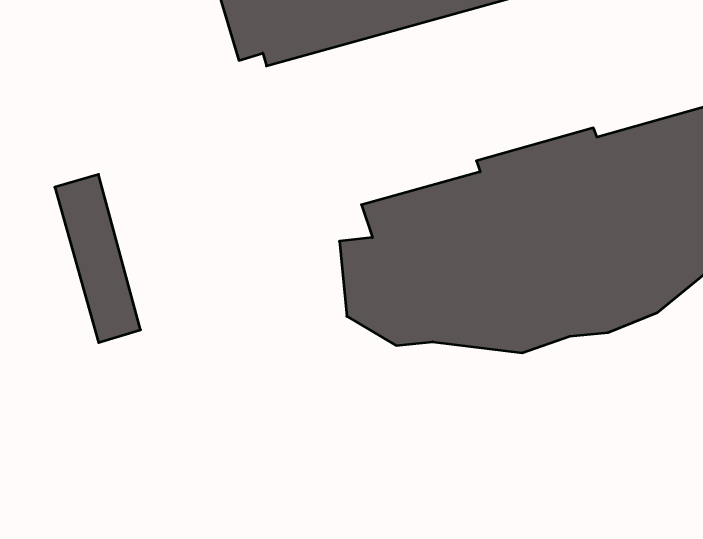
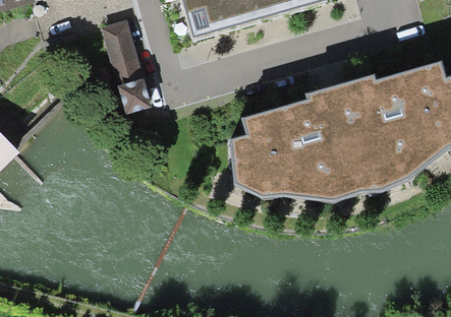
building: [55,174,141,343] -> [103,19,151,113]

